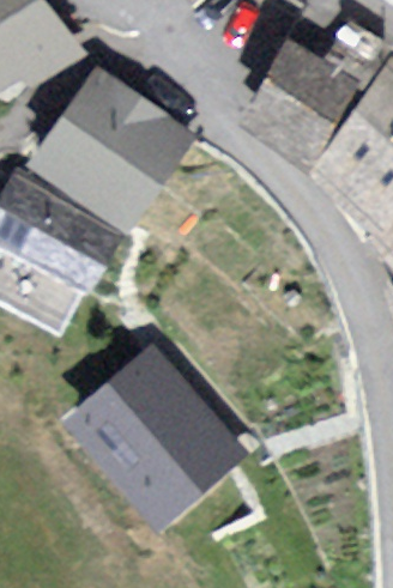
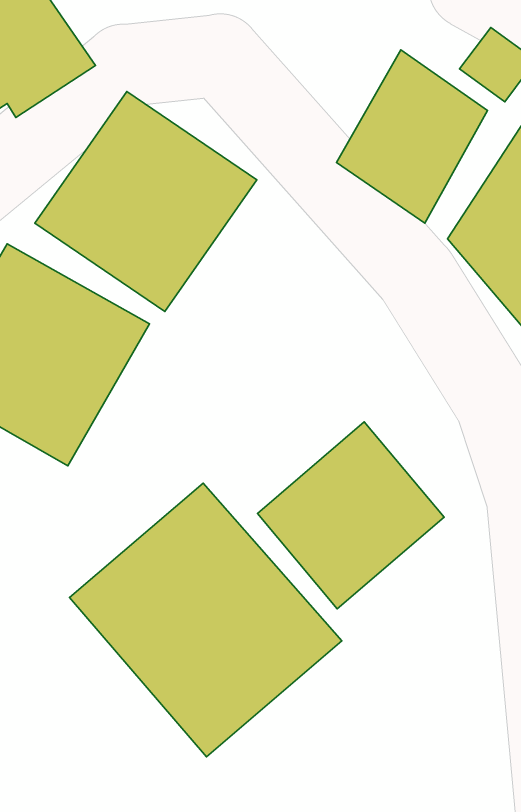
building: none -> [257,422,444,609]

